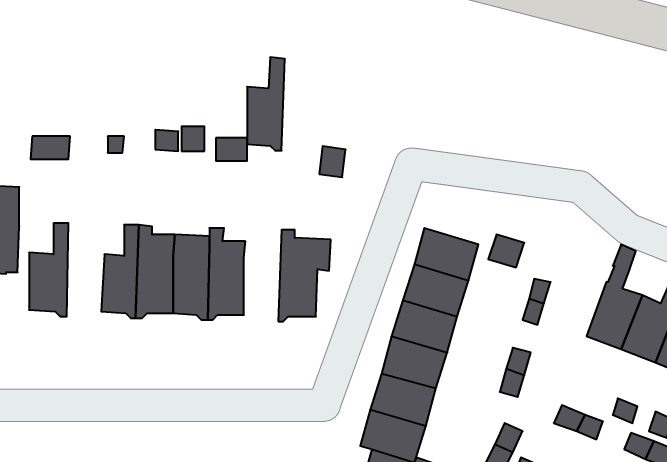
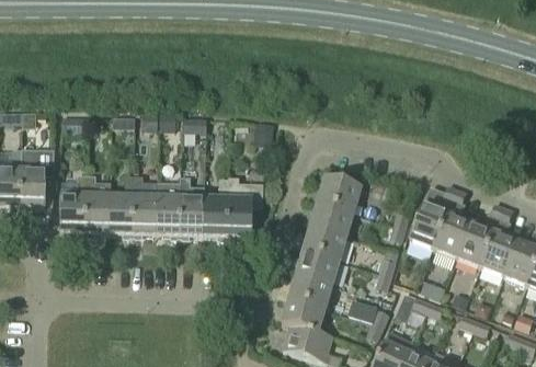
building: [247,57,285,151] -> [203,179,228,241]
building: none -> [84,175,110,238]
building: none -> [408,186,455,251]

